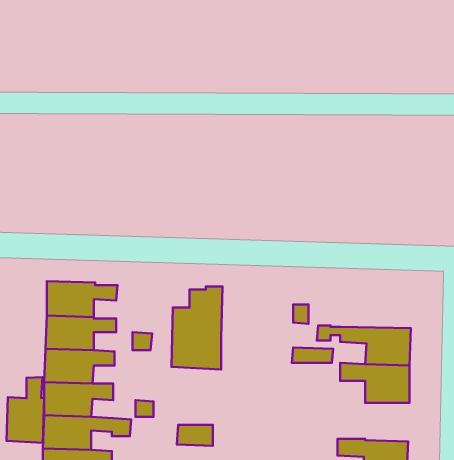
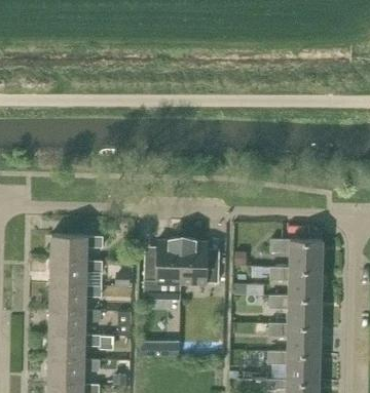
building: none -> [181,238,219,283]
building: none -> [269,239,323,269]
building: [7,377,44,443] -> none
building: none -> [268,322,321,353]

